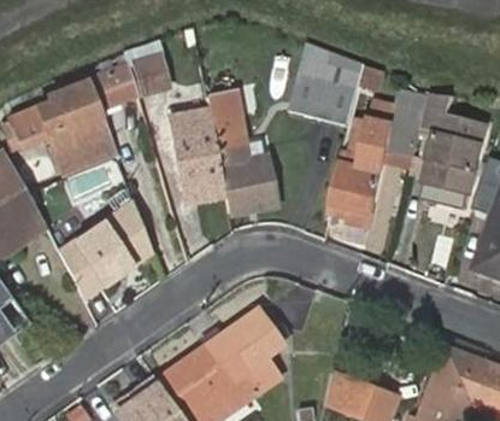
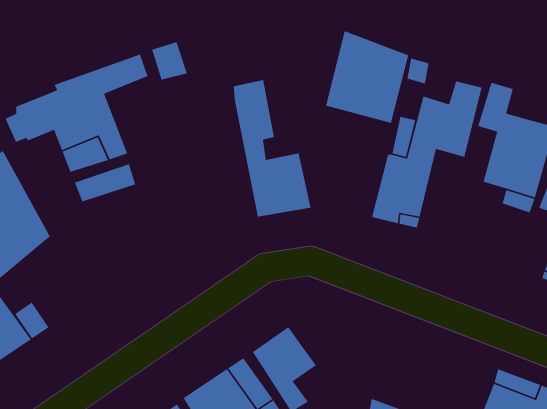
building: [171,107,225,198] -> none
building: [60,195,157,302] -> none

